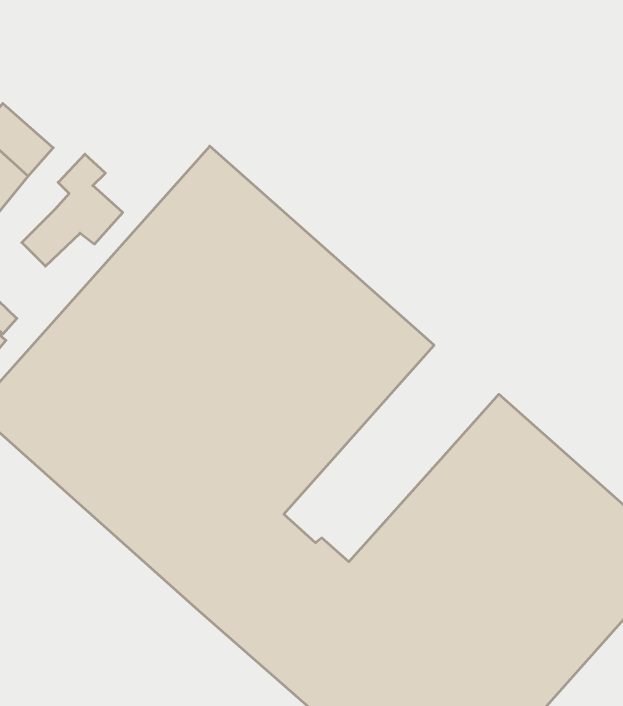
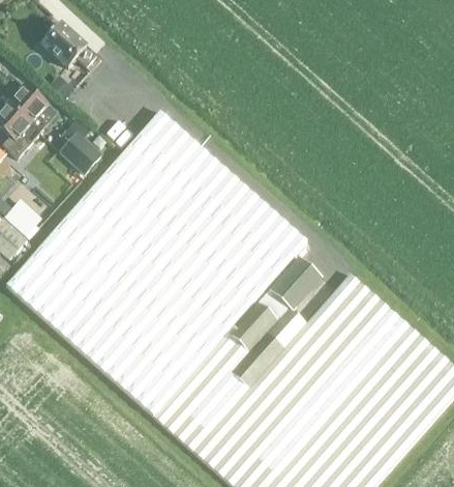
building: none -> [41,23,97,68]
building: none -> [214,256,324,383]

